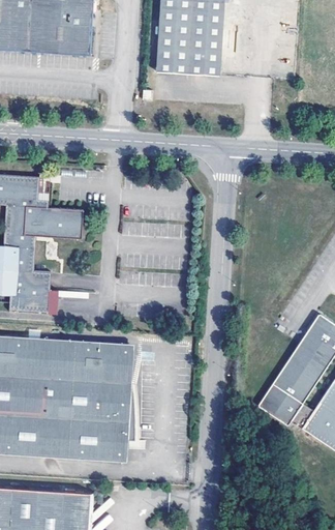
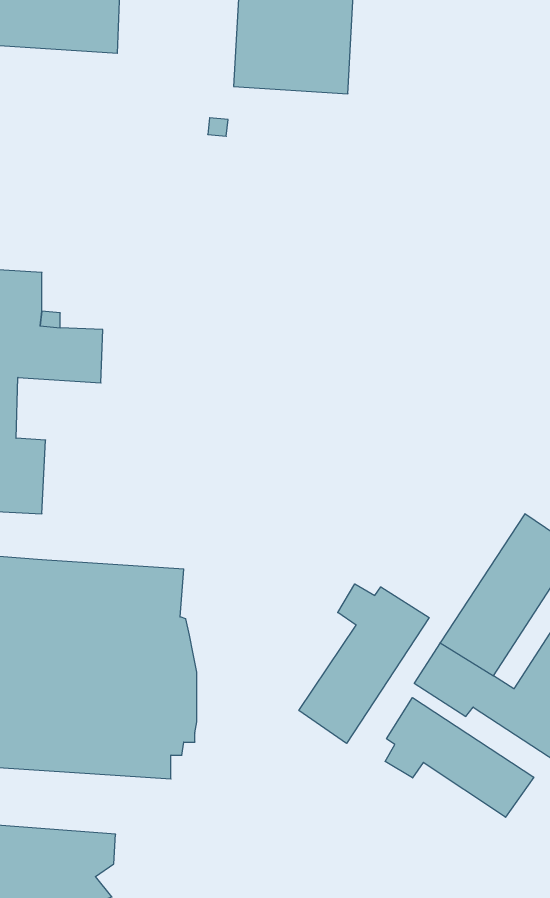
building: none -> [299,584,429,743]
building: none -> [385,698,534,817]

